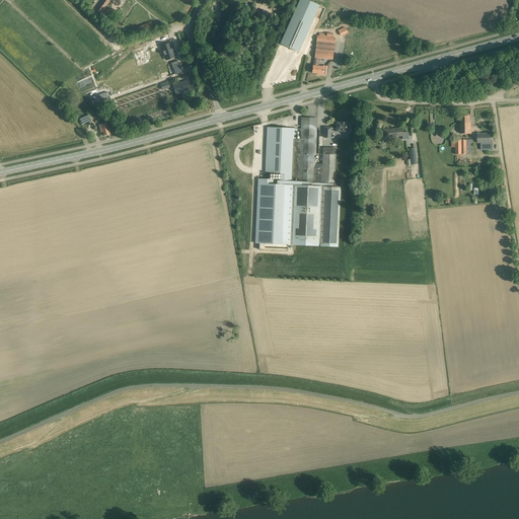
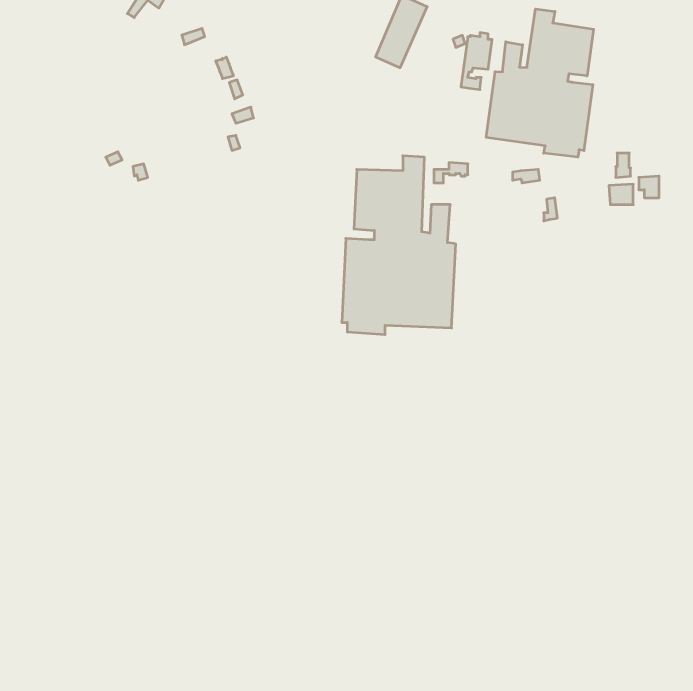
building: none -> [486,9,594,157]
building: [312,31,336,74] -> [461,33,492,90]

